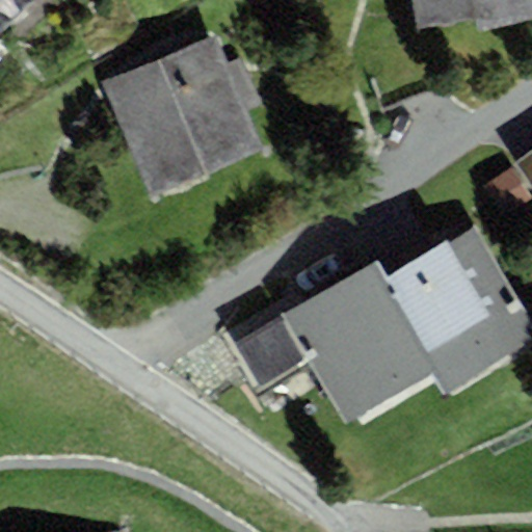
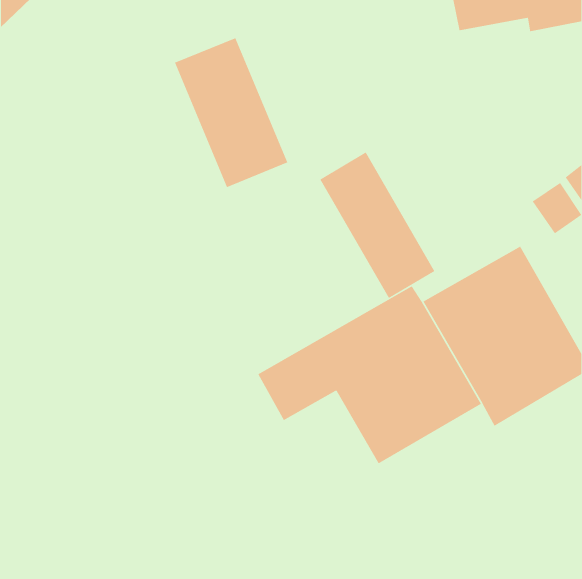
building: [104,57,207,194] -> none
building: none -> [319,152,435,299]

